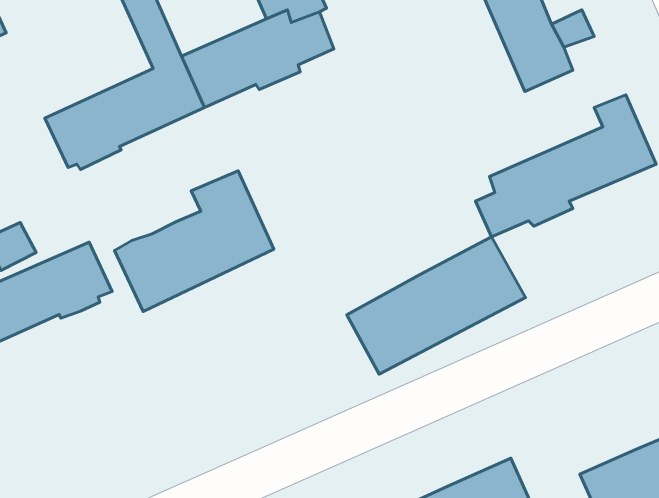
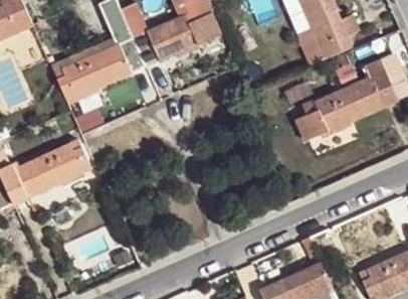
building: [114,171,274,312] -> none
building: [347,237,525,374] -> none

